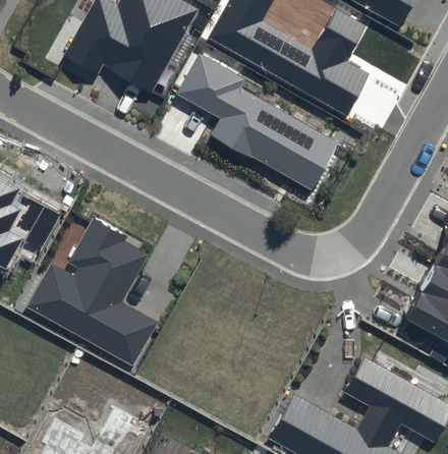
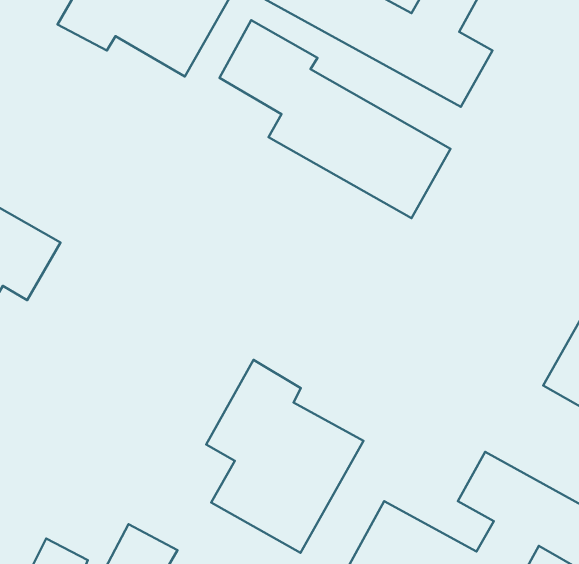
building: [26,216,156,364] -> none
building: none -> [206,360,363,553]

